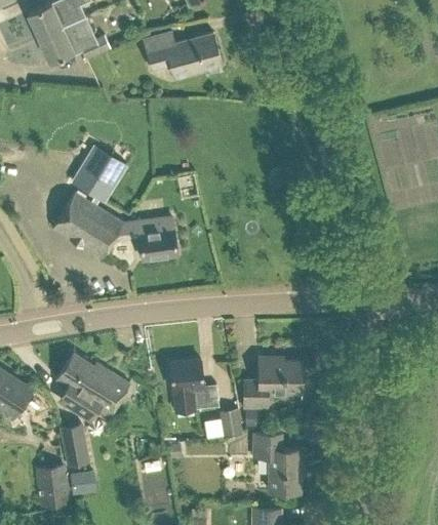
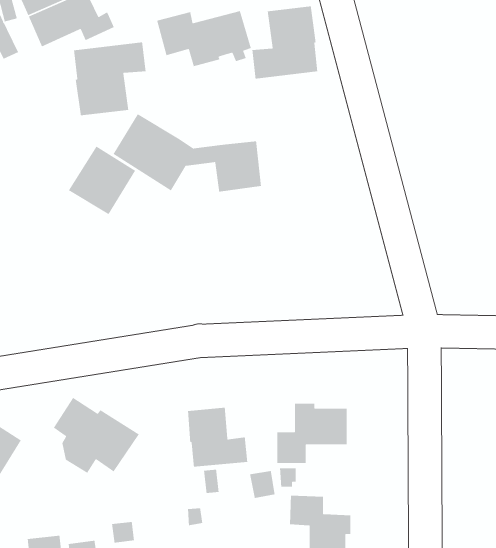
building: none -> [251,6,318,80]
building: none -> [73,42,146,116]
building: [54,194,177,259] -> [113,113,262,193]
building: [61,425,87,465] -> none

